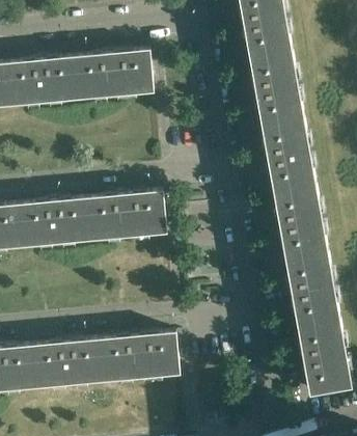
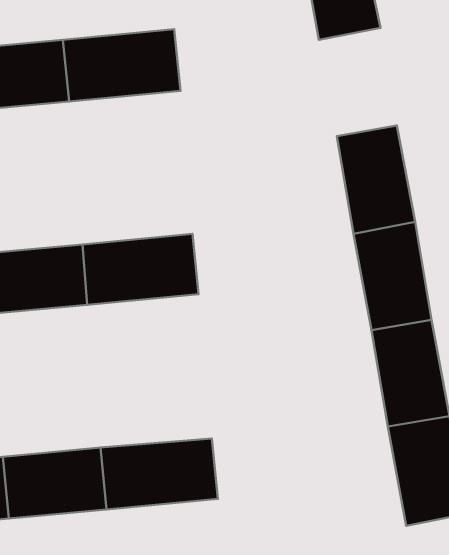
building: [249,49,303,124] -> none

